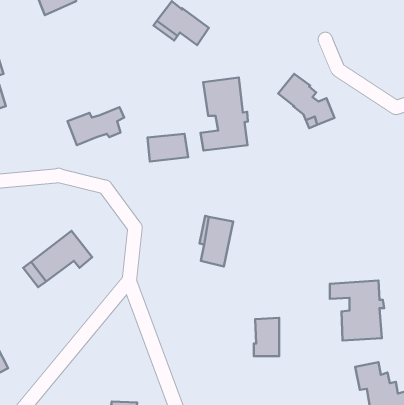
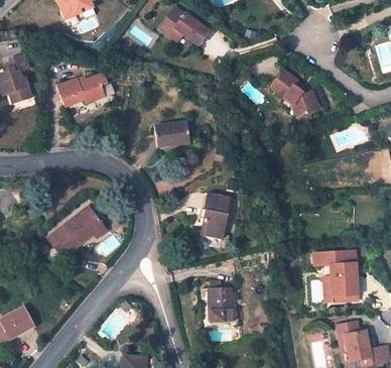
building: [200,77,248,150] -> none
building: [68,107,124,145] -> [57,74,107,107]
building: [254,318,279,356] -> [209,288,231,322]

